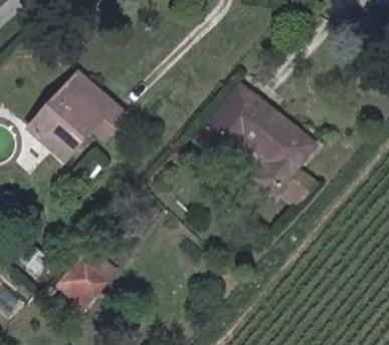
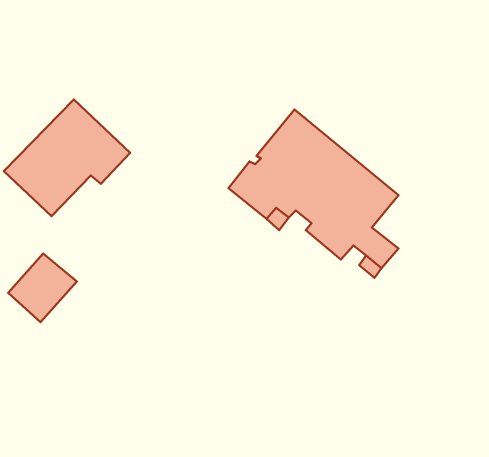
building: [57,254,107,303] -> [8,253,77,322]

